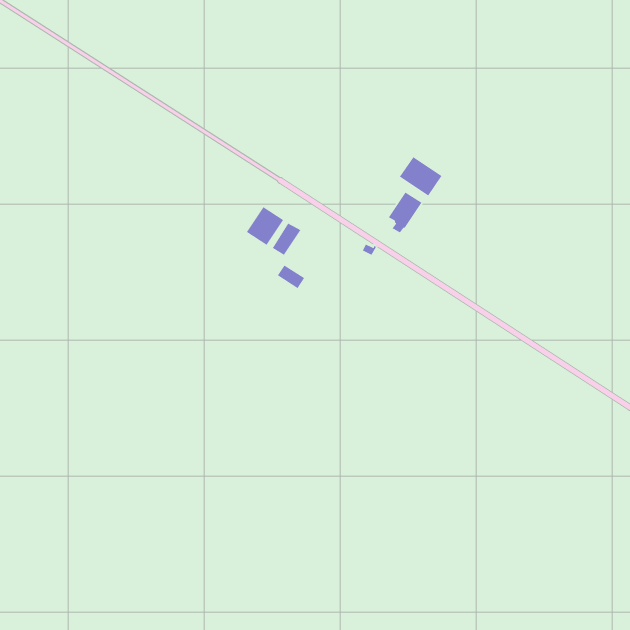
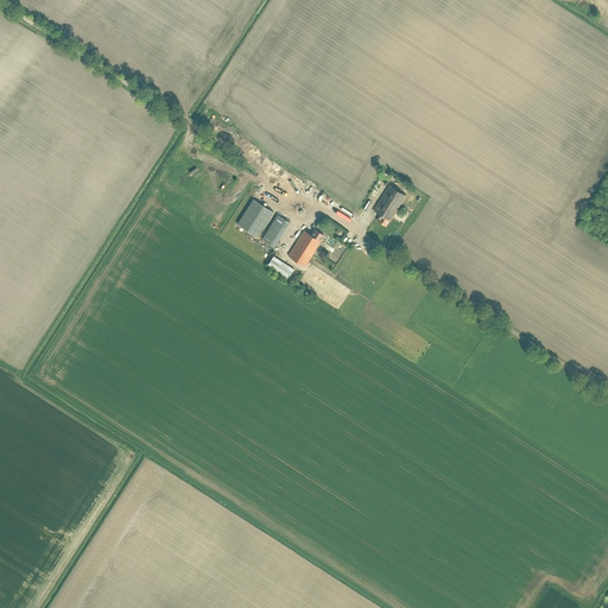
building: [399,156,443,197] -> none
building: none -> [287,228,323,265]

